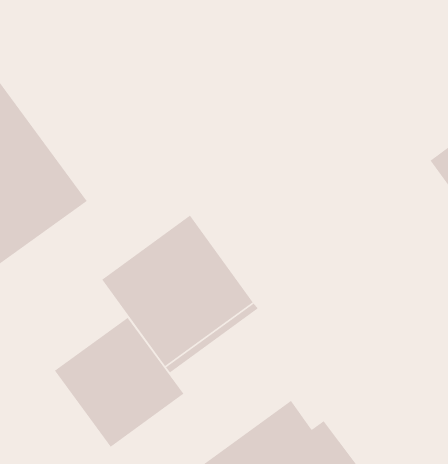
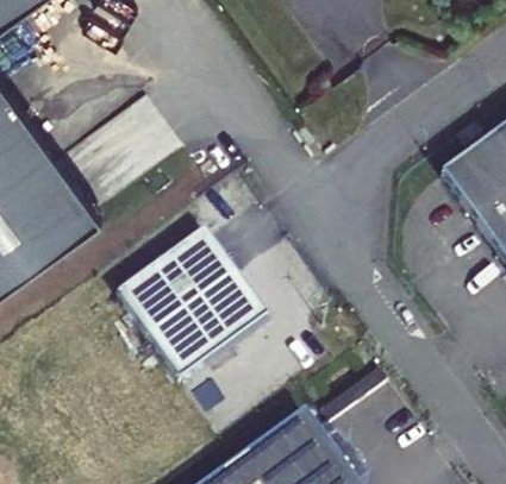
building: [54,317,184,448] -> none

